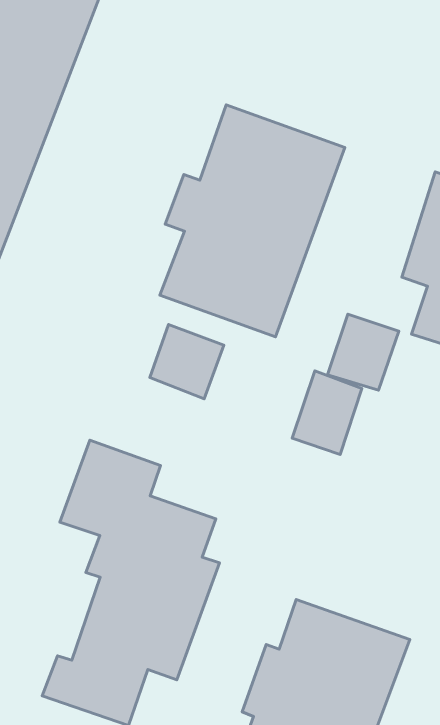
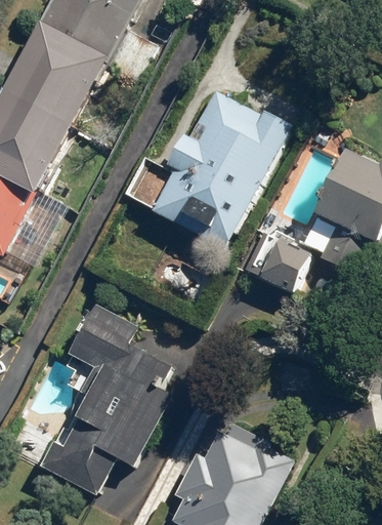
building: [150,325,224,399] -> none
building: [292,371,362,454] -> none

